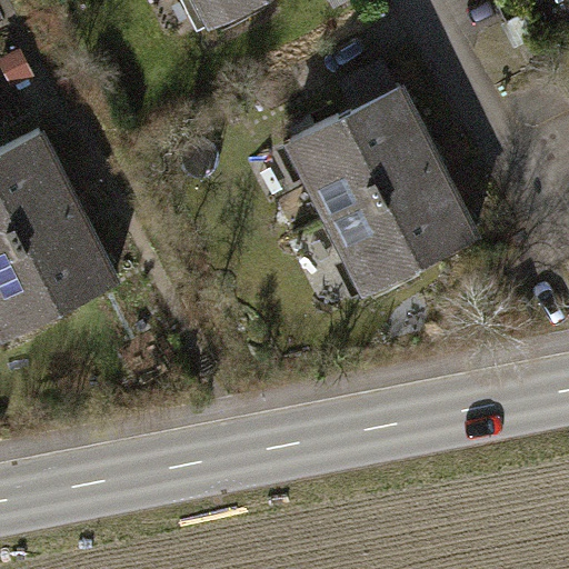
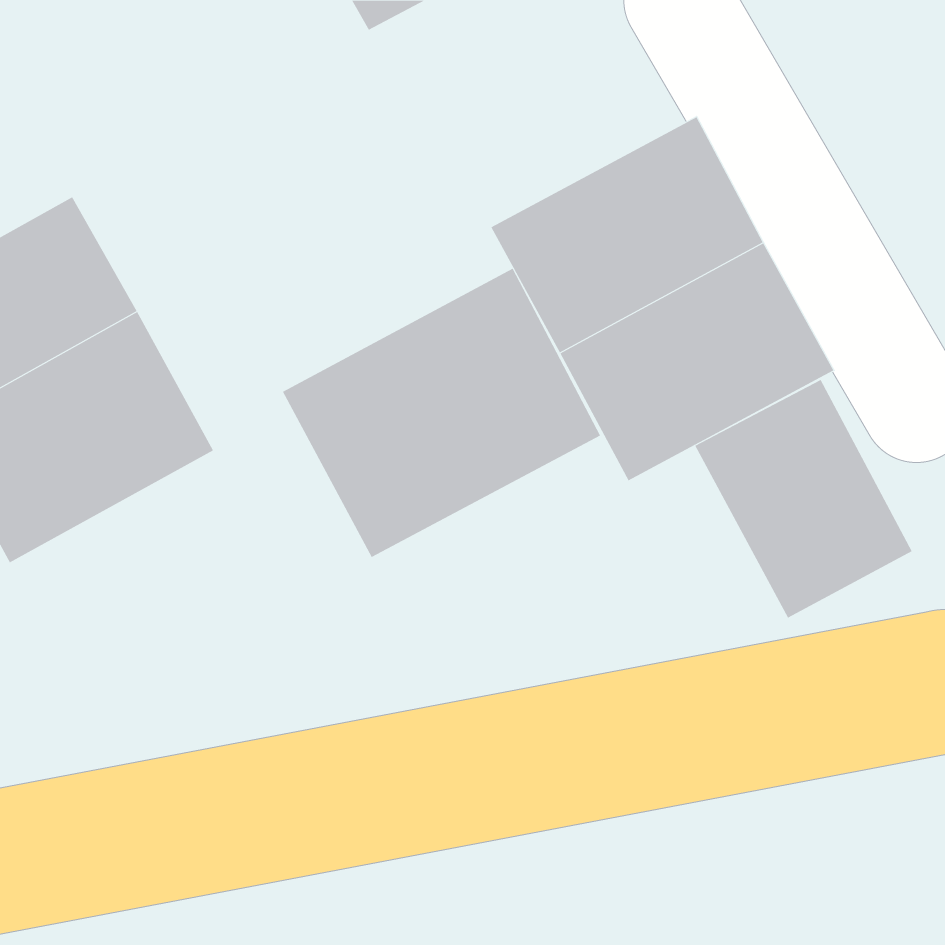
building: none -> [282,268,601,558]
building: none -> [695,379,913,619]

